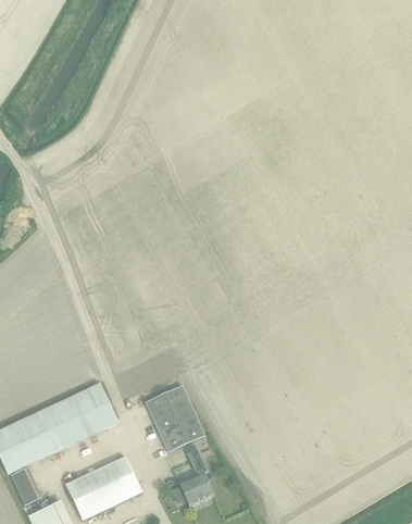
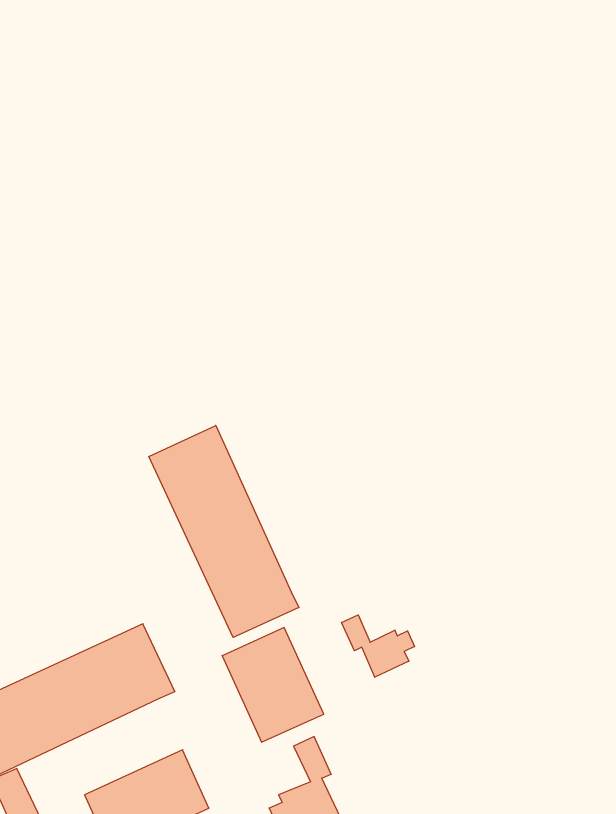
building: none -> [149,425,299,637]
building: none -> [342,615,415,677]

